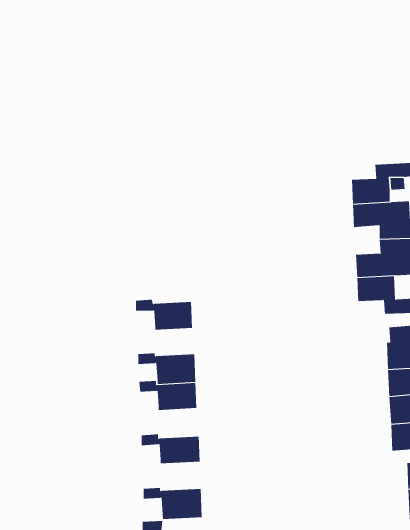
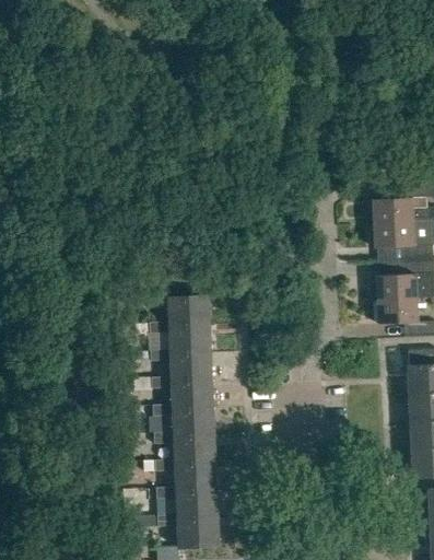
building: none -> [149,294,209,326]
building: none -> [152,350,212,380]
building: none -> [155,431,216,464]
building: none -> [157,486,219,517]

